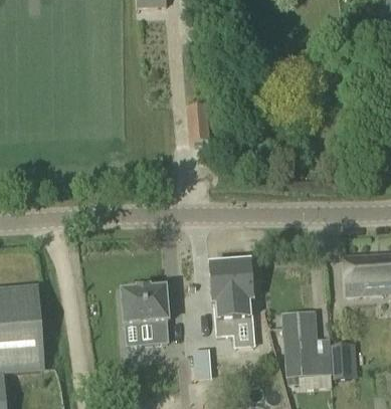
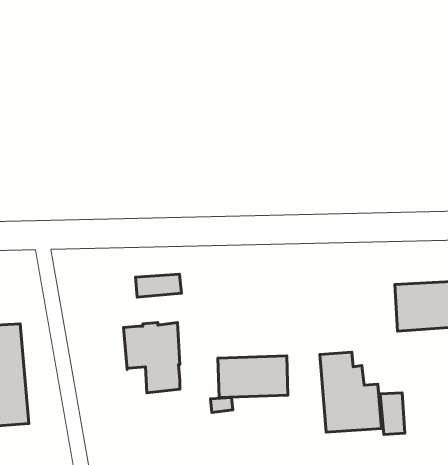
building: [187,105,210,142] -> none
building: none -> [135,274,181,297]
building: [210,262,252,303] -> none

